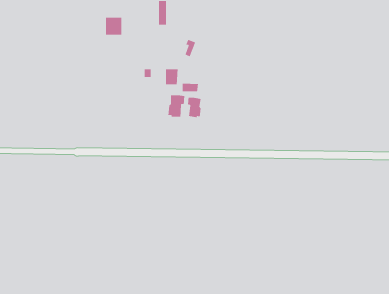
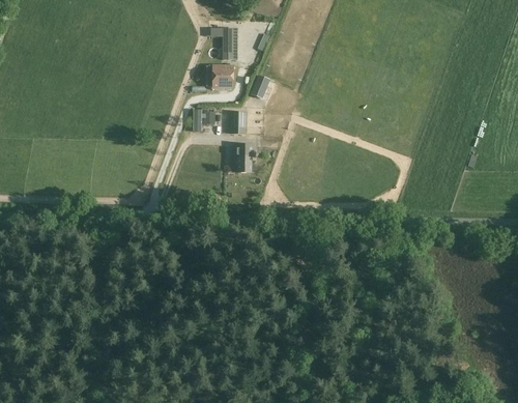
building: [105,17,122,36] -> [210,64,231,87]
building: [187,97,202,118] -> none

